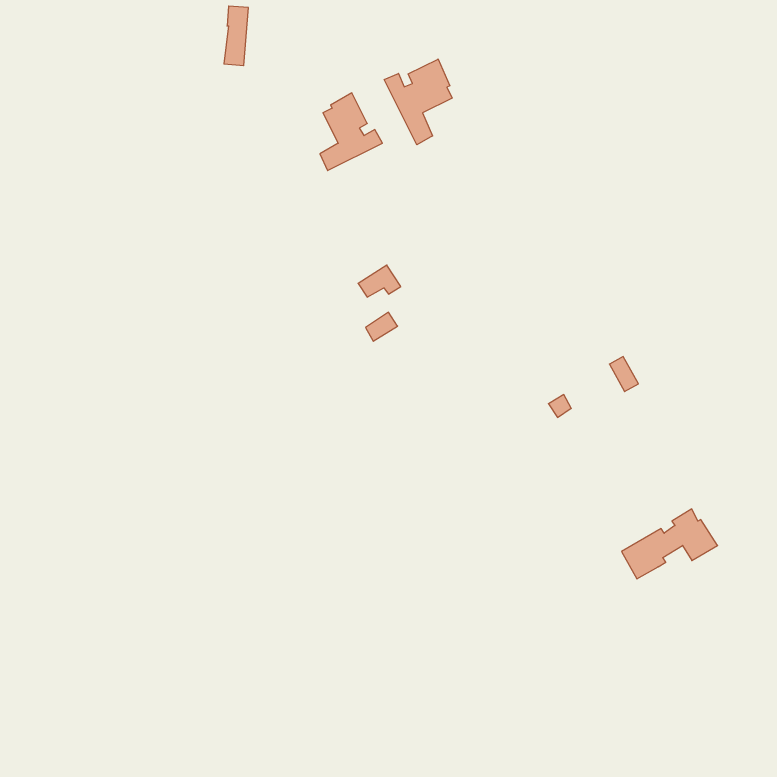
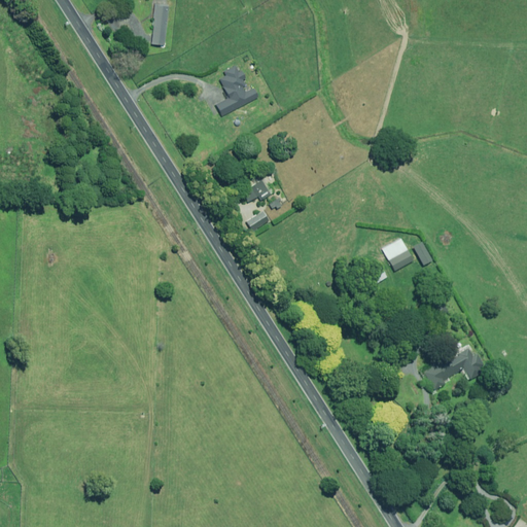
building: [384,59,452,145] -> none
building: none -> [381,237,413,270]

